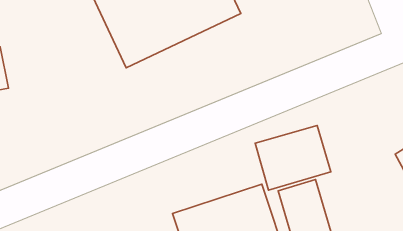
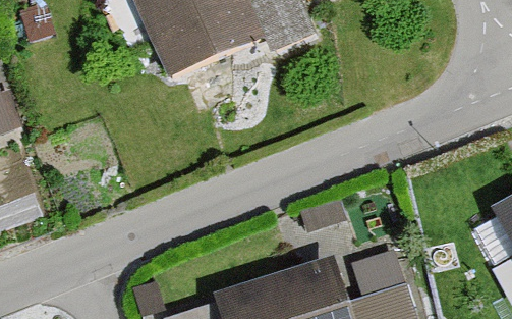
building: [255,125,331,190] -> none

